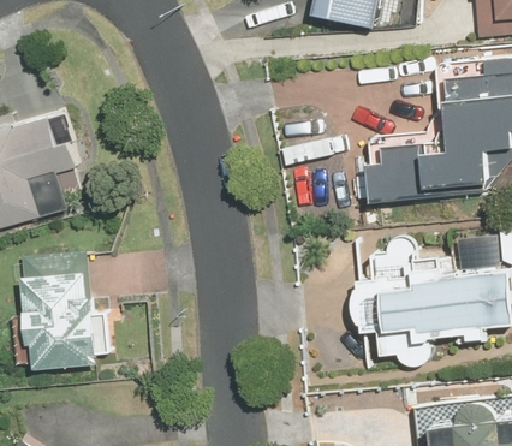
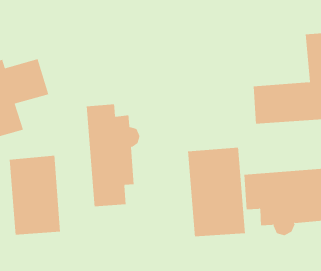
building: none -> [86,103,140,207]
building: none -> [188,147,245,237]

